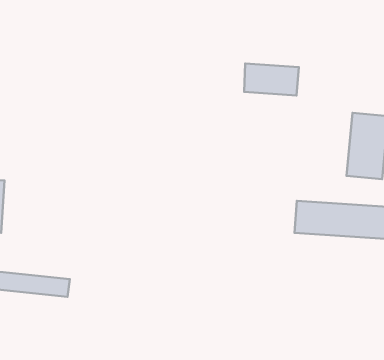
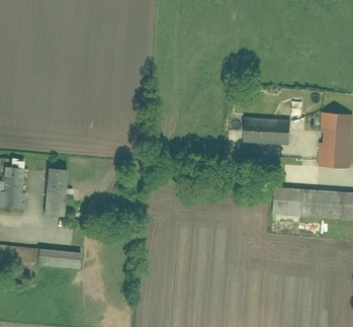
building: [244,63,299,96] -> [244,116,290,144]
building: none -> [46,169,68,216]

